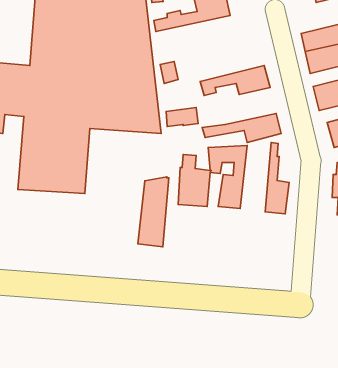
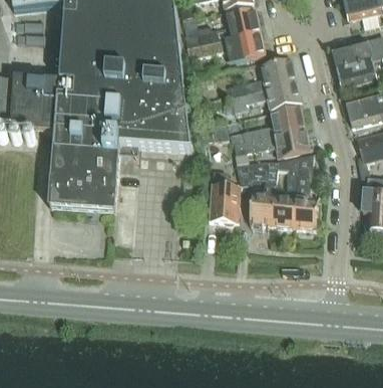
building: none -> [186,31,266,61]
building: none -> [229,60,295,98]
building: none -> [230,106,307,144]
building: [138,177,169,247] -> [271,158,302,228]

